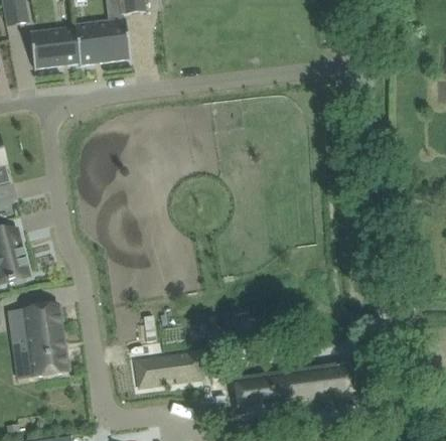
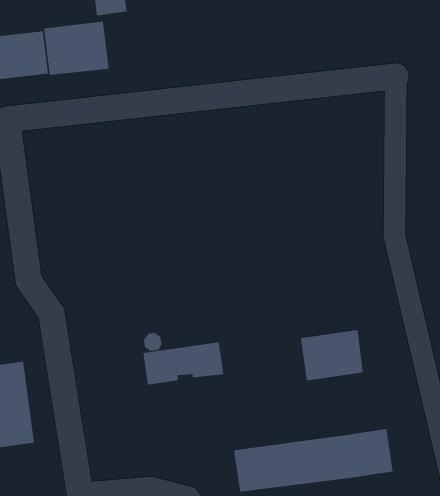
building: none -> [300,329,363,385]
building: [133,351,201,388] -> [142,342,224,385]

